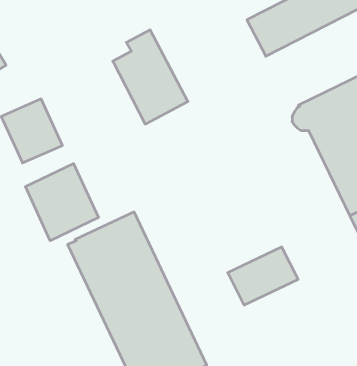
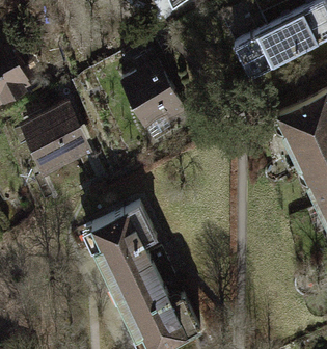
building: [25,164,98,241] -> none
building: [228,247,298,305] -> none

